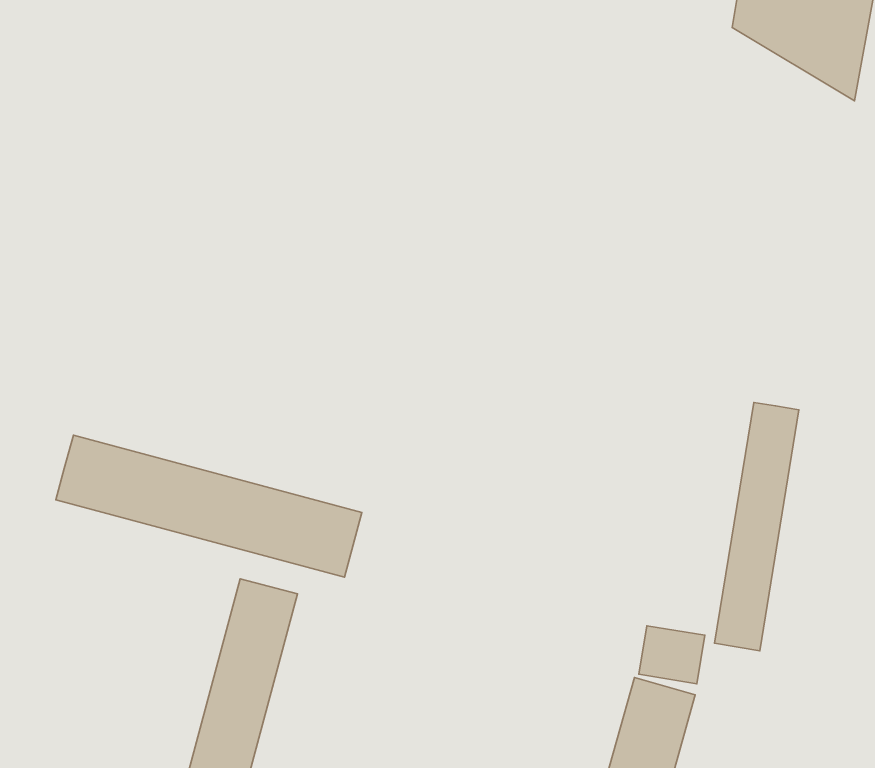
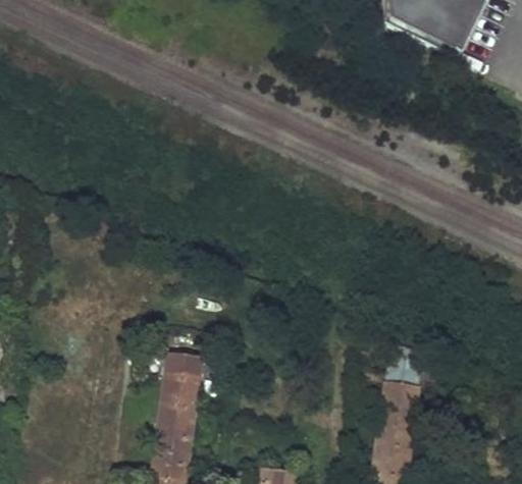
building: [715,402,799,651] -> none
building: [56,435,362,577] -> none

